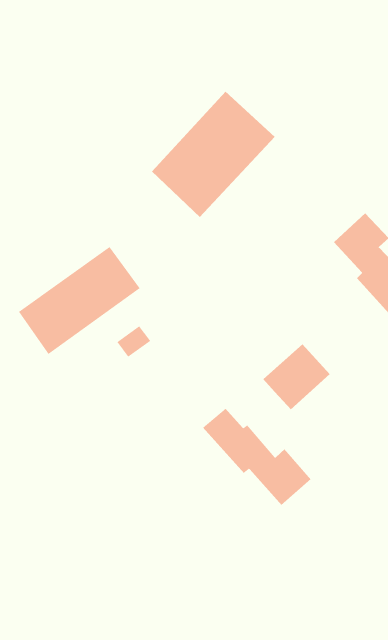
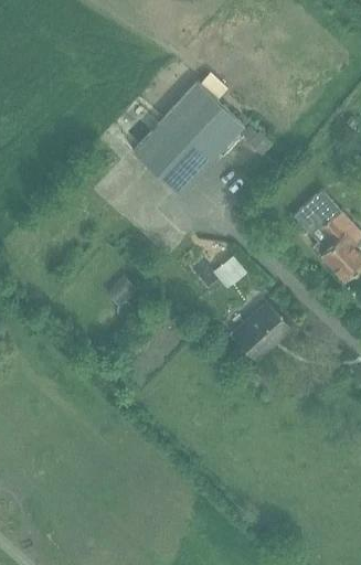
building: [18,246,141,355] -> none
building: [202,408,311,506] -> none

